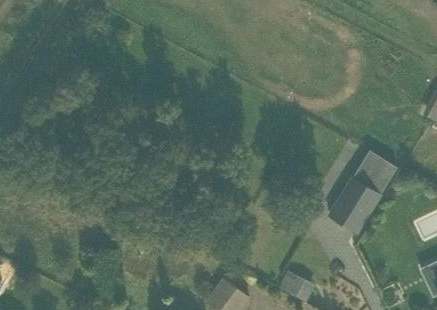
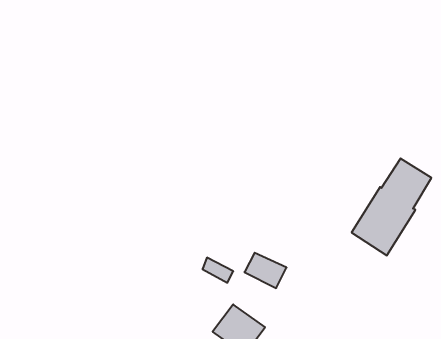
building: [277,271,314,302] -> [244,253,287,288]

